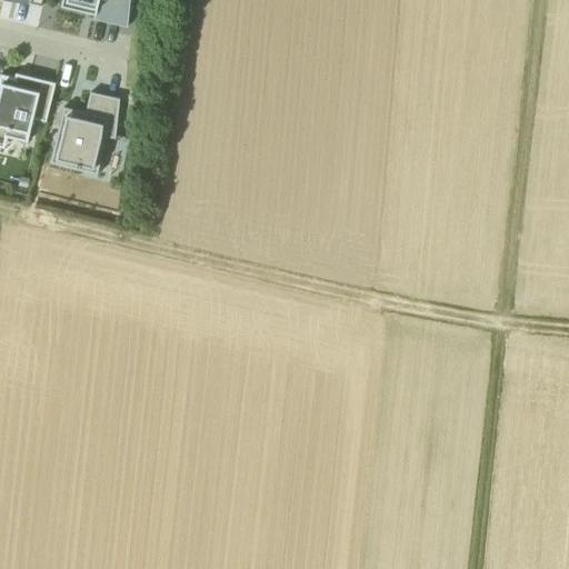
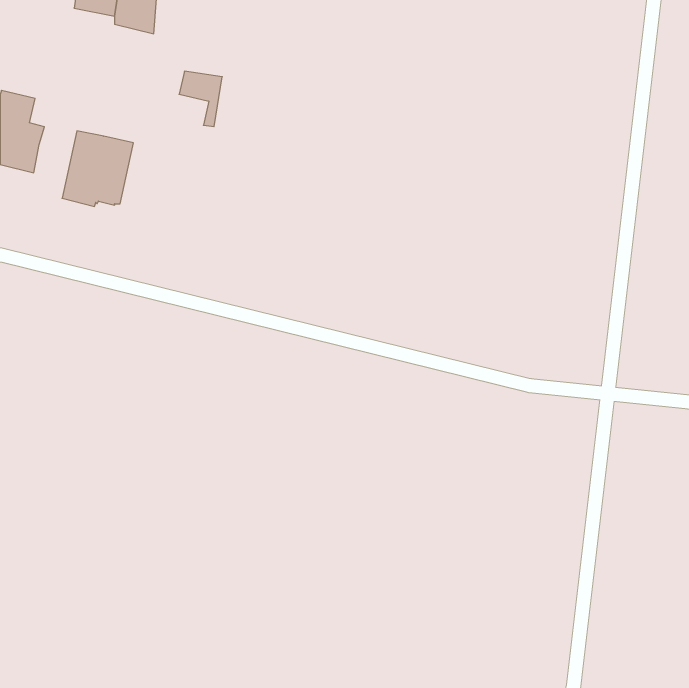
building: [24,77,56,122] -> none
building: [86,93,121,139] -> [179,71,222,127]

